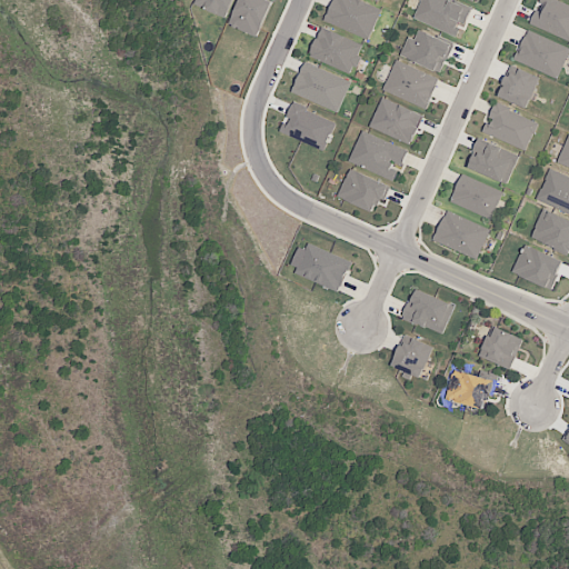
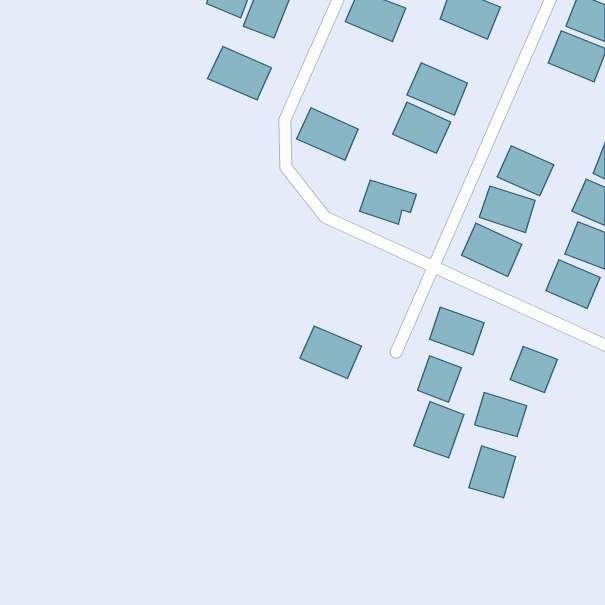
building: [308,27,361,72] -> none
building: [399,29,451,71] -> none
building: [290,61,350,111] -> [207,46,271,100]
building: [497,64,538,107] -> none
building: [482,102,537,149] -> none
building: [348,131,407,178] -> none
building: [293,242,351,291] -> [300,326,362,378]
building: none -> [414,401,464,458]
building: none -> [469,446,516,498]

